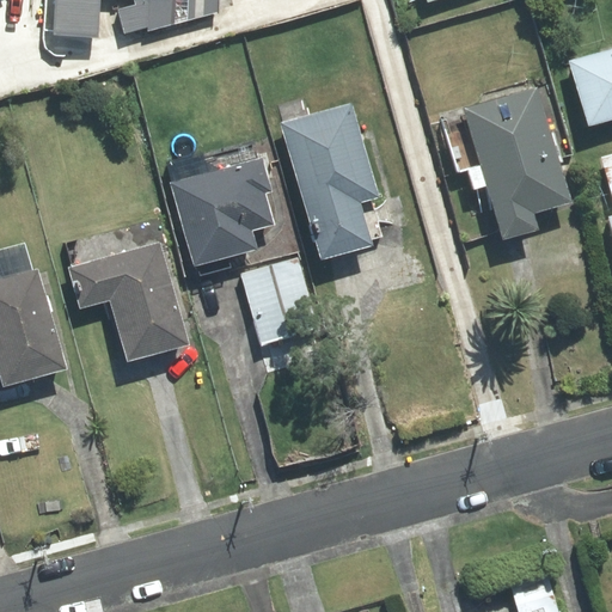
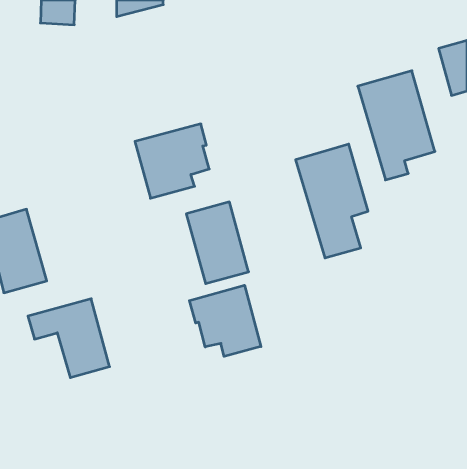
building: [282,106,377,255] -> [296,144,368,258]
building: [74,251,180,354] -> [28,299,110,378]
building: none -> [189,285,261,356]

